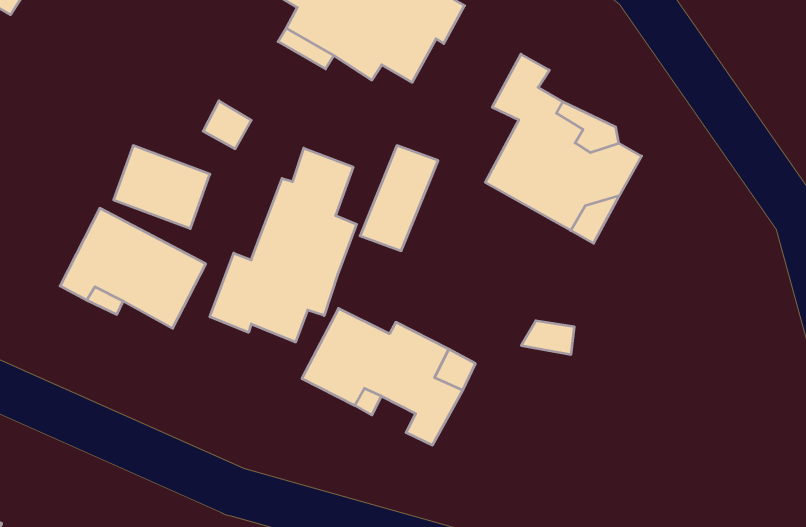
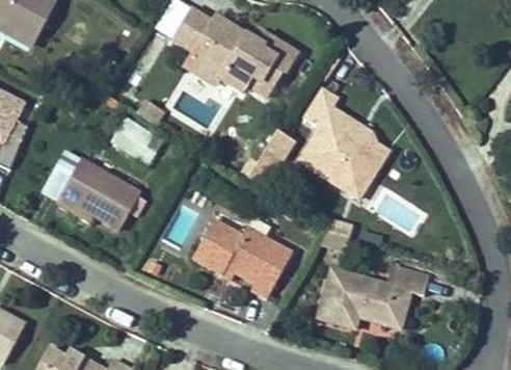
building: [210,148,357,342] -> none
building: none -> [313,270,426,334]

